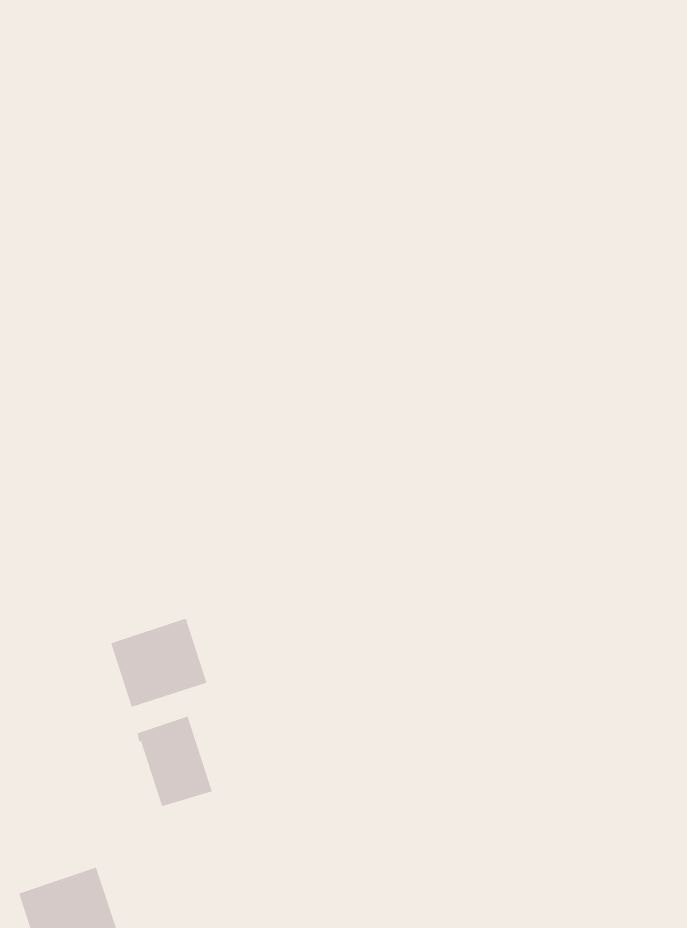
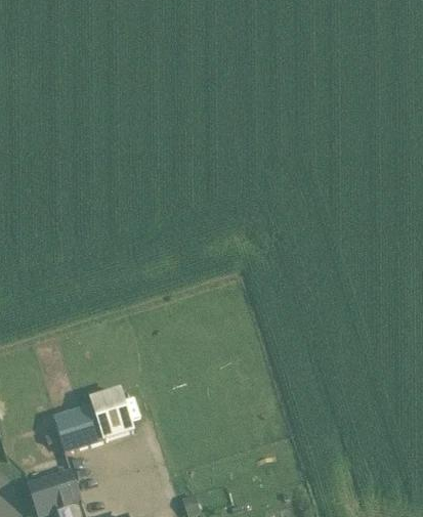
building: [110,618,207,708] -> [52,402,104,450]

